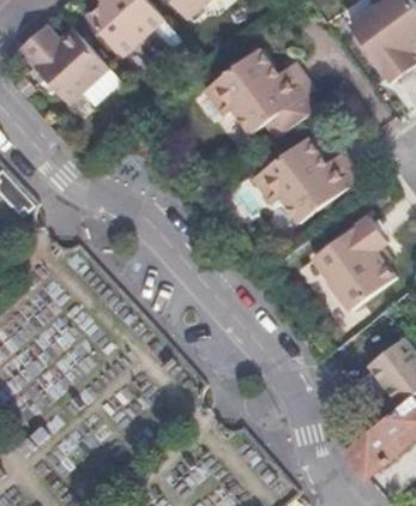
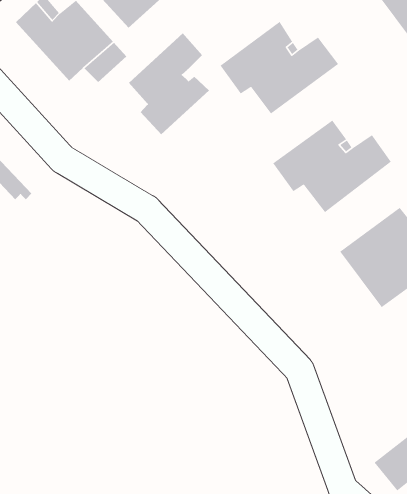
building: none -> [128,32,210,135]

